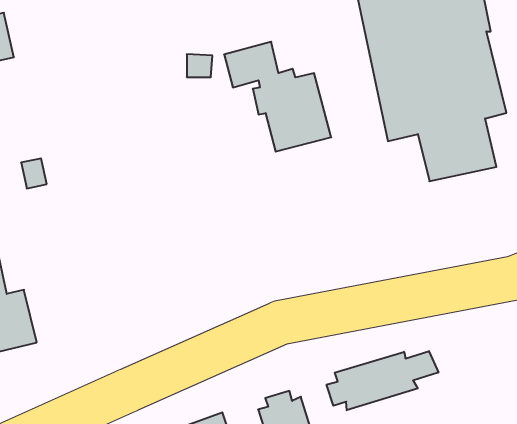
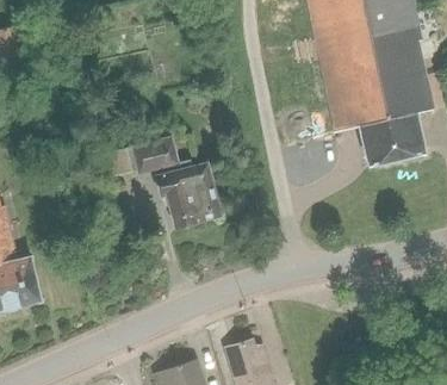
building: [224,42,331,152] -> [132,136,222,228]
building: [327,351,438,410] -> none

